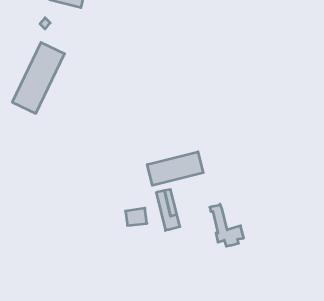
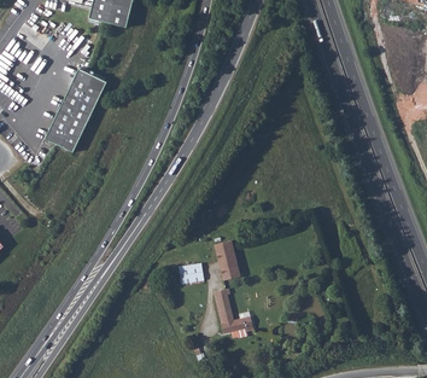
building: [147,152,203,185] -> none
building: [210,204,244,246] -> [214,289,253,338]

